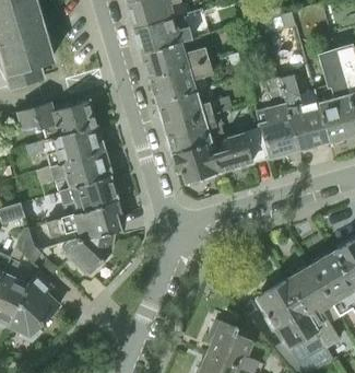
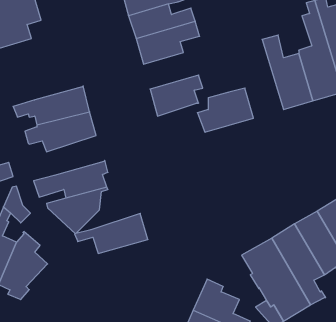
building: [257,78,299,158] -> none
building: [157,88,226,128] -> none
building: [16,101,95,139] -> none
building: [171,142,220,182] -> none
building: [43,175,117,215] -> [75,213,148,253]

